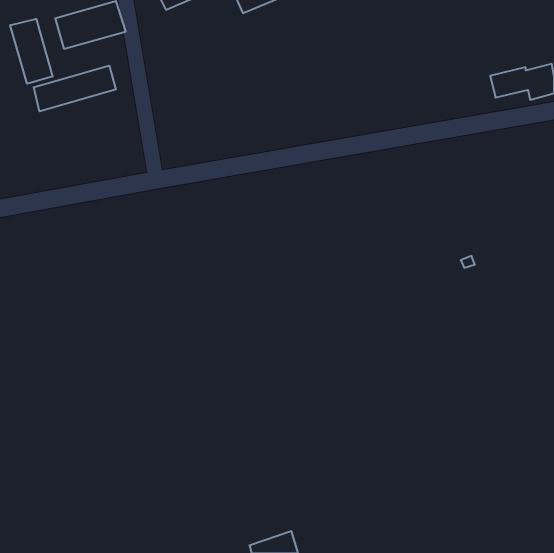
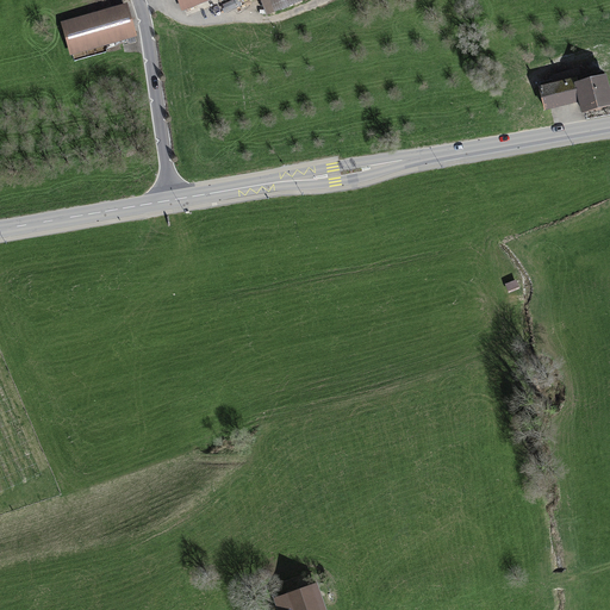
building: [10,19,53,84] -> none
building: [34,66,116,111] -> none

